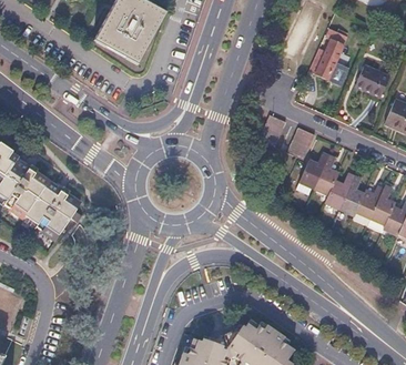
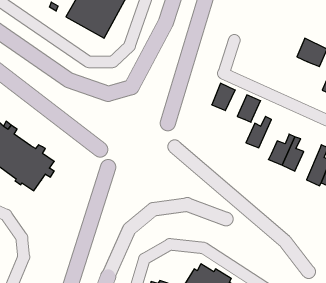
building: [316,28,348,79] -> none
building: [313,155,336,194] -> none
building: [352,184,383,224] -> none

